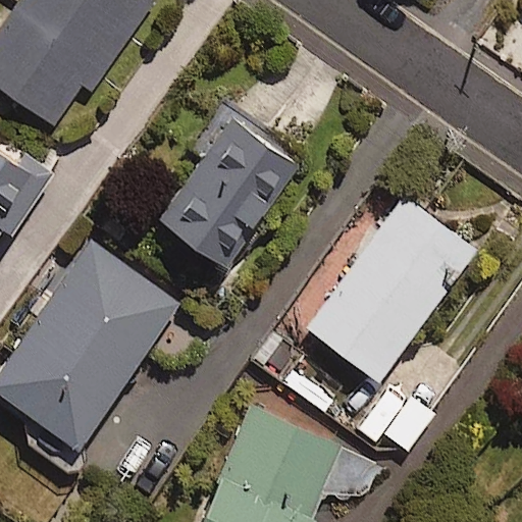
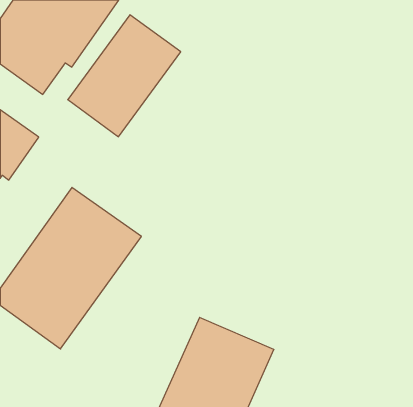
building: [159,110,302,264] -> [68,15,181,137]
building: [308,199,475,380] -> none

